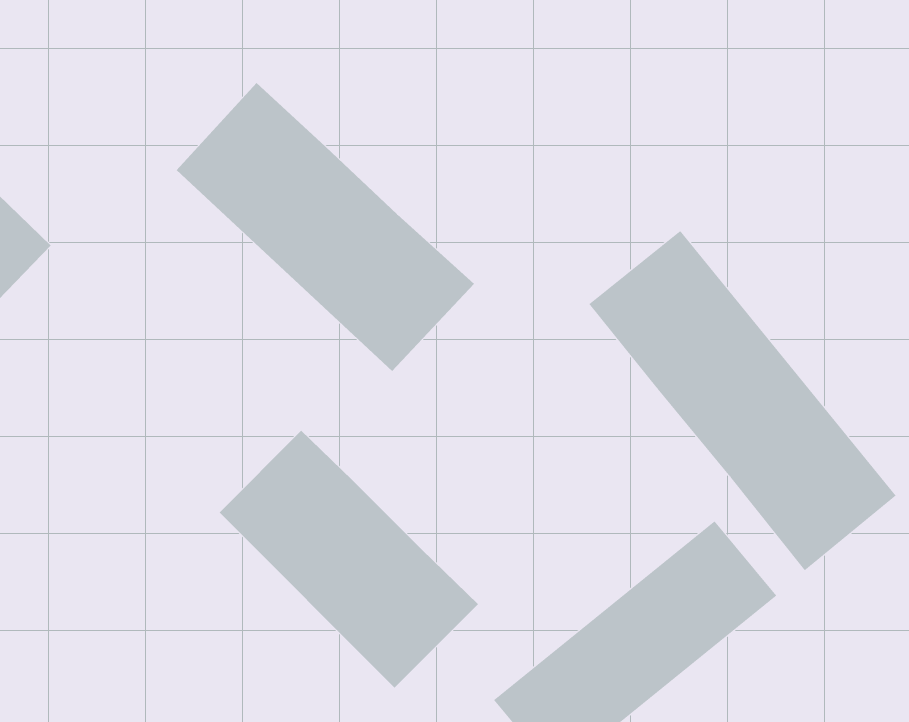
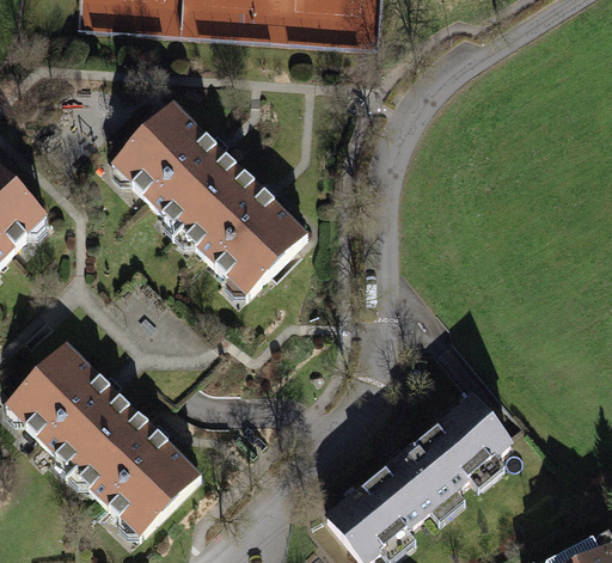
building: [588,230,897,571] -> none
building: [219,430,479,688] -> [20,350,190,519]

